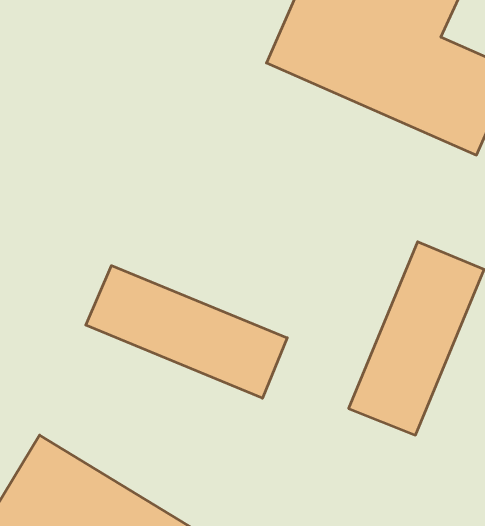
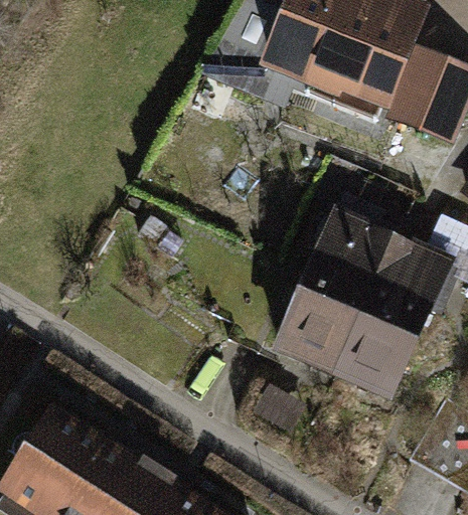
building: none -> [271,203,394,379]
building: [86,266,287,398] -> none

